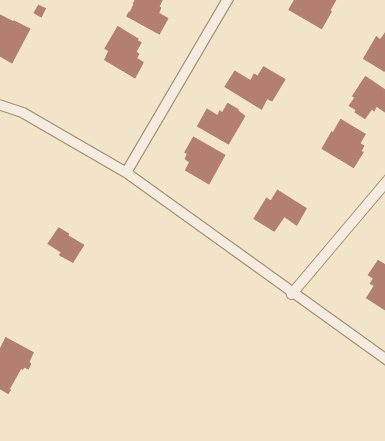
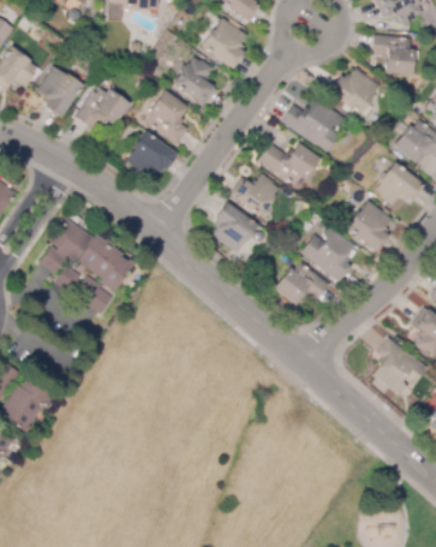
building: none -> [282,100,345,153]
building: none -> [77,88,130,127]
building: none -> [126,132,177,178]
building: none -> [301,225,356,281]
building: none -> [41,219,135,293]

